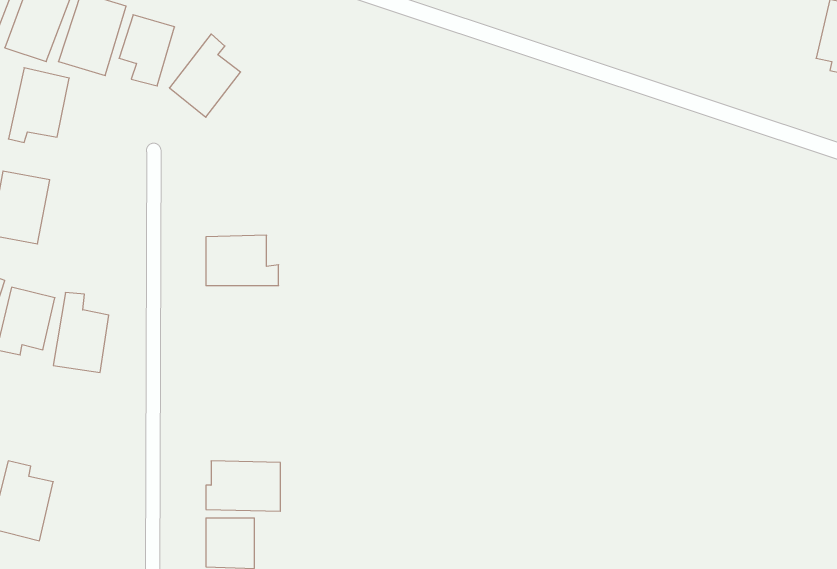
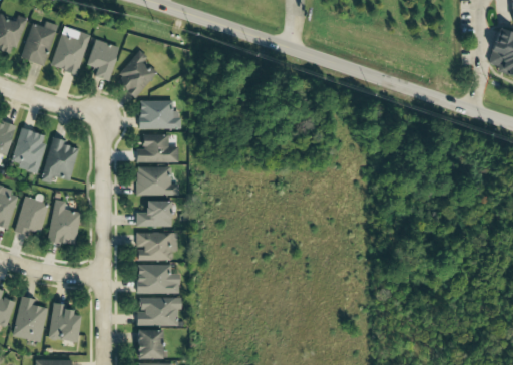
building: [8,68,69,142] -> [43,139,78,182]
building: none -> [138,100,181,130]
building: none -> [136,134,179,163]
building: none -> [136,201,171,227]
building: none -> [136,233,177,261]
building: none -> [137,265,179,294]
building: none -> [48,303,79,342]

